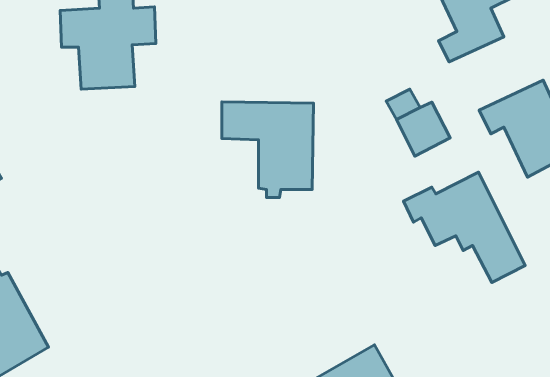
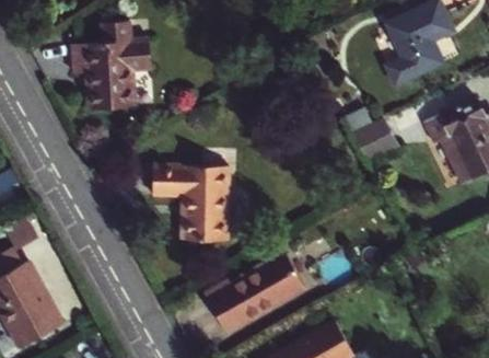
building: [222,102,314,197] -> [152,166,229,246]
building: [403,172,525,282] -> none
building: none -> [203,254,304,334]

